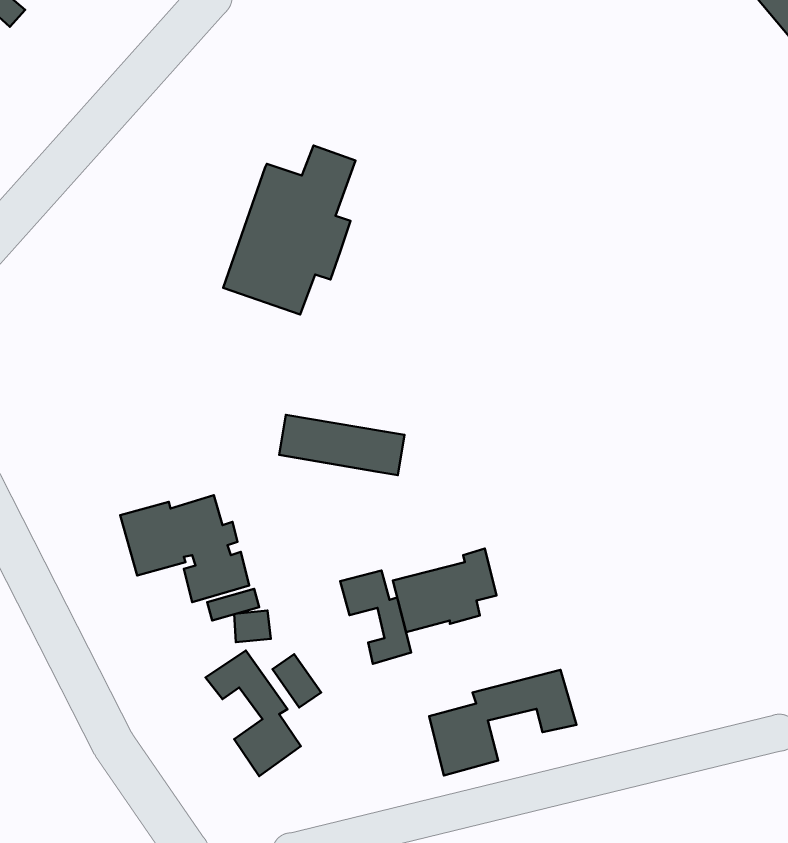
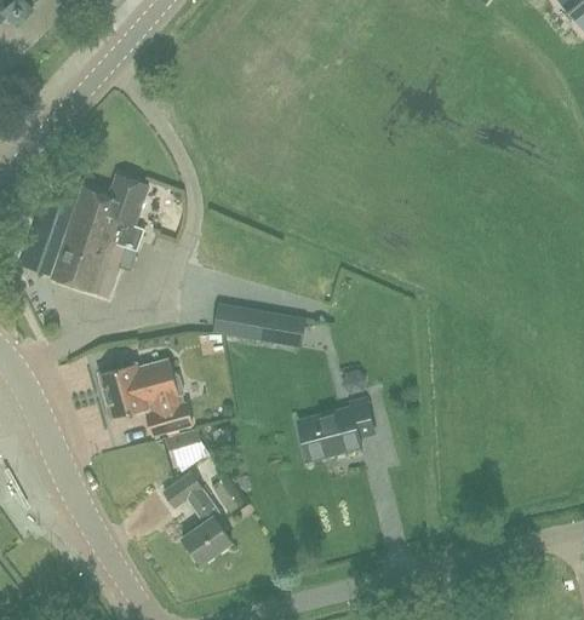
building: [223,146,355,314] -> [51,174,147,297]
building: [340,571,411,664] -> none
building: [429,670,576,775] -> none

